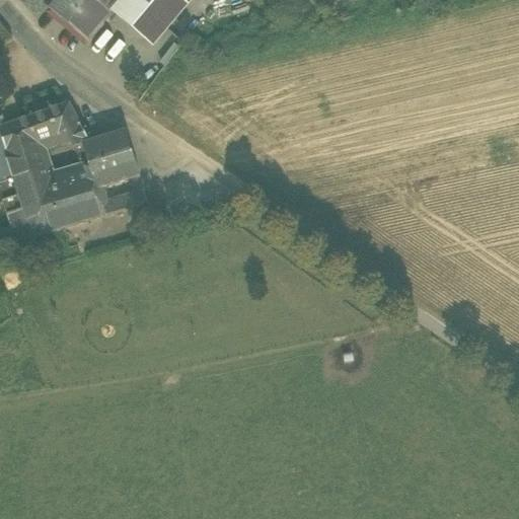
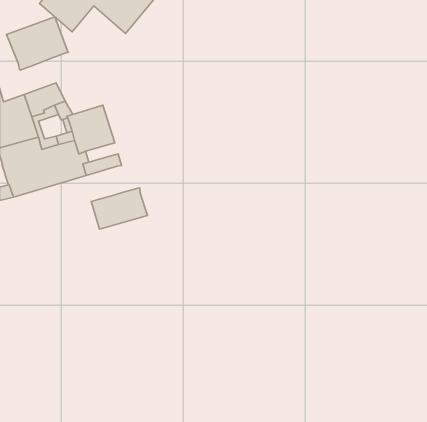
building: none -> [7,17,68,70]
building: none -> [91,188,148,229]

